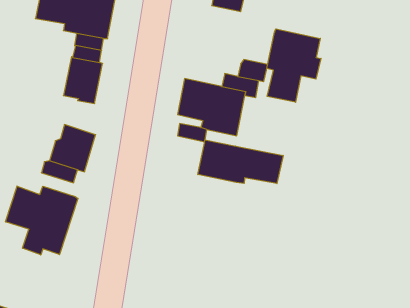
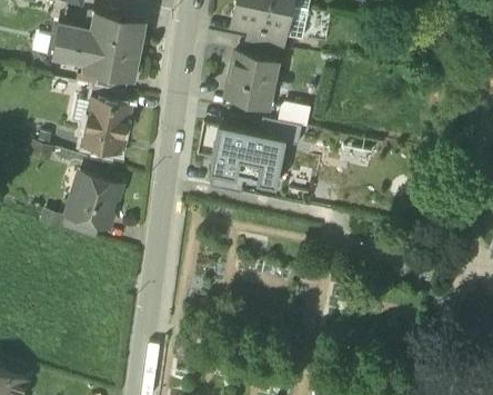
building: none -> [227,55,276,106]
building: [267,29,321,102] -> none
building: [198,140,283,184] -> none
building: [6,186,78,255] -> none

